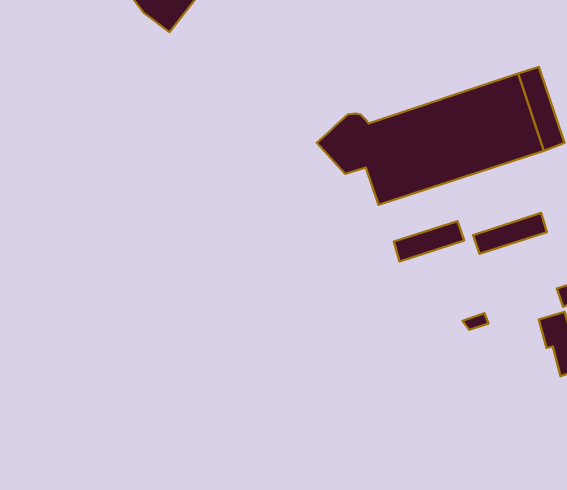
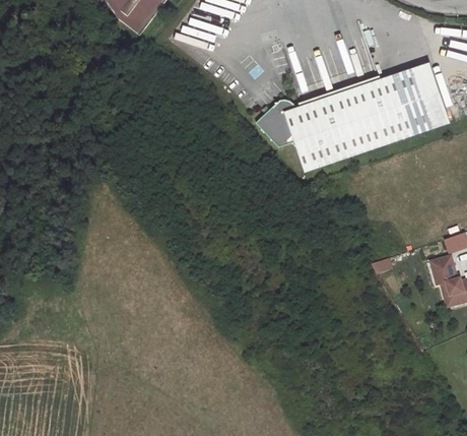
building: [473,213,547,254] -> none
building: [394,221,464,262] -> none

